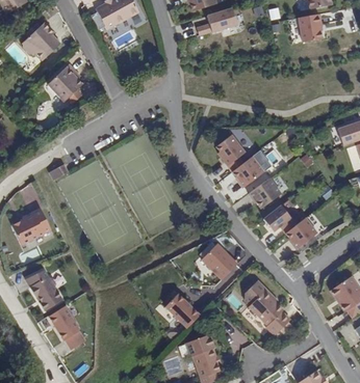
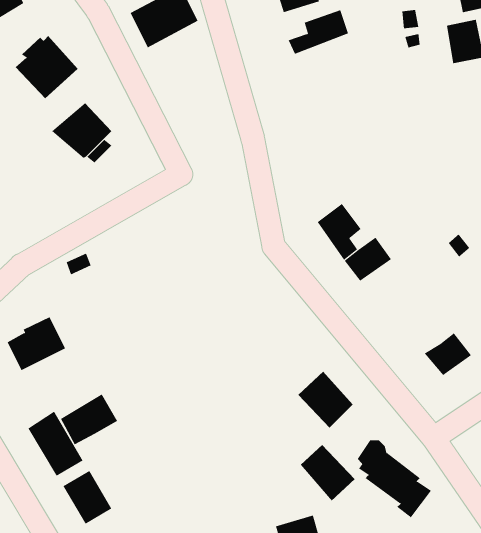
building: [250,176,280,207] -> none
building: [264,204,295,230] -> none
building: none -> [60,394,118,445]
building: [166,292,203,329] -> [300,444,356,502]

